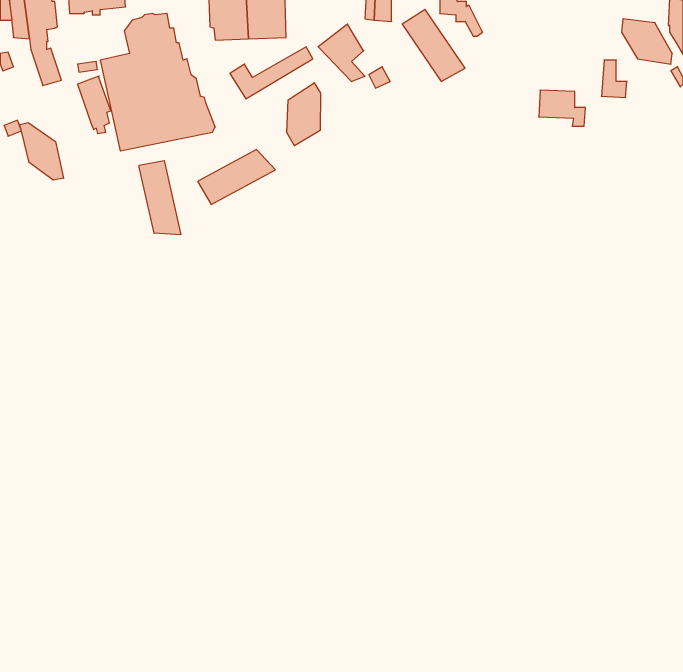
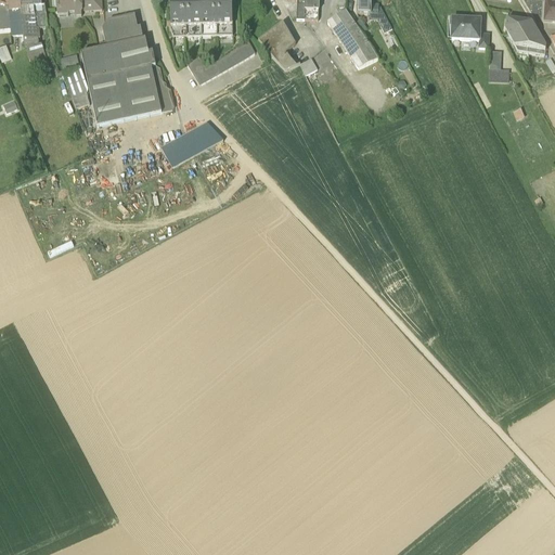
building: [287,83,320,146] -> none
building: [539,90,585,126] -> [451,16,489,46]
building: [20,123,64,180] -> none
building: [139,161,181,235] -> none

